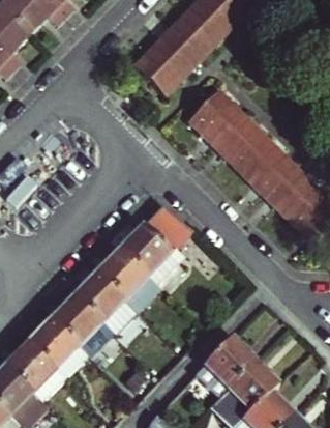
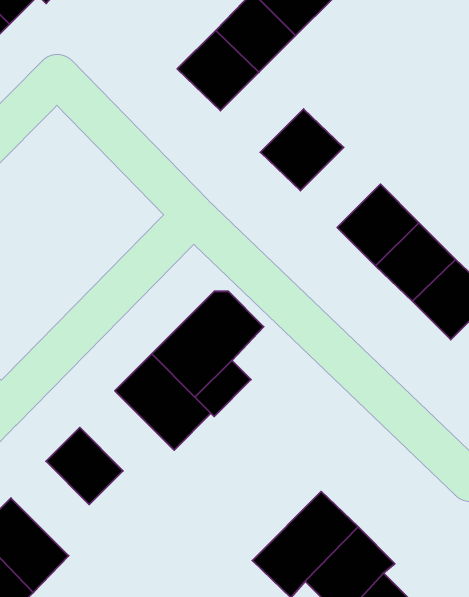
building: [214,114,266,166] -> none
building: [71,272,132,334] -> none
building: [27,317,87,378] -> none

